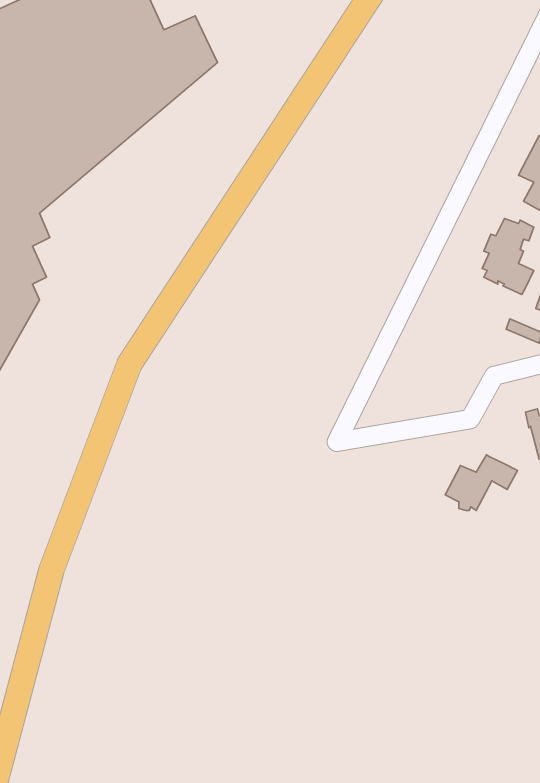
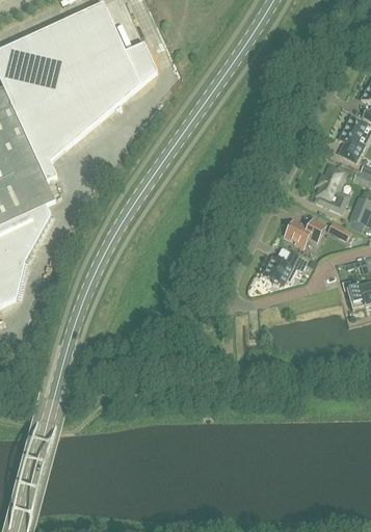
building: none -> [284,216,326,246]
building: [445,455,518,510] -> [263,249,307,283]

